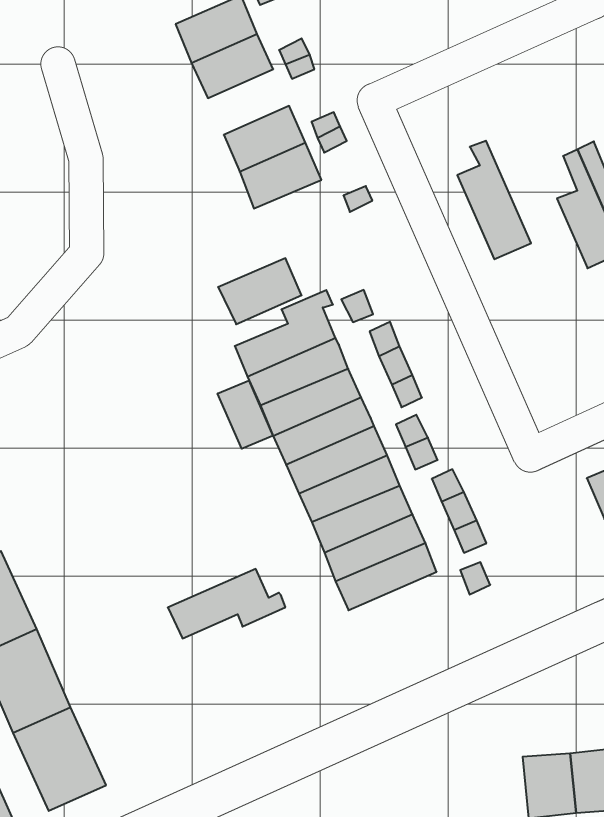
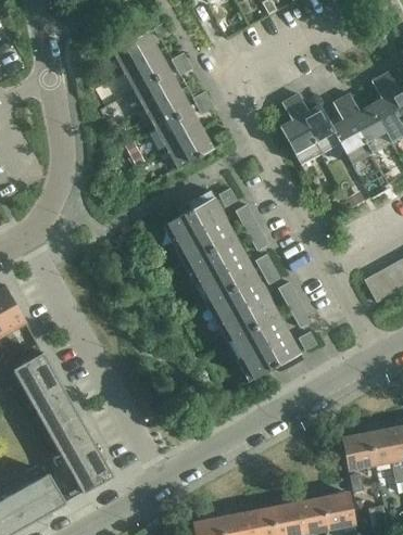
building: none -> [134,69,179,109]
building: none -> [290,92,353,163]
building: [218,258,302,324] -> [165,128,212,167]
building: [218,380,273,449] -> none
building: [168,569,285,638] -> [239,339,304,381]

